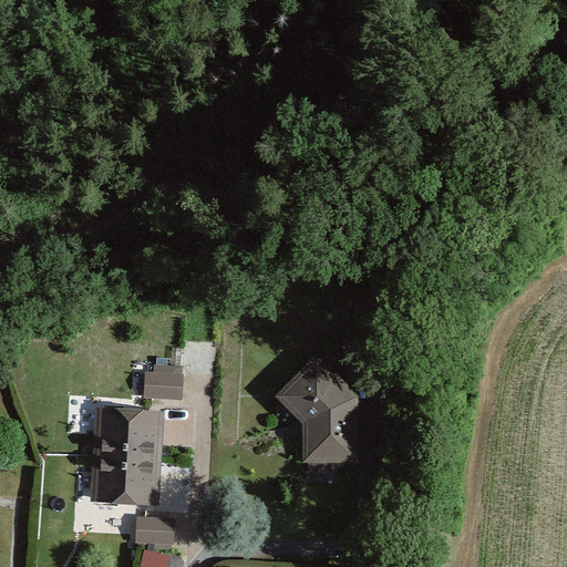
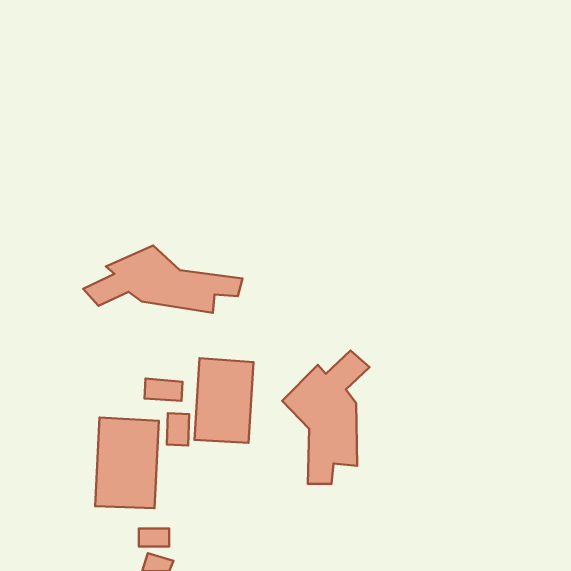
building: none -> [83,245,242,313]
building: none -> [195,358,253,443]

